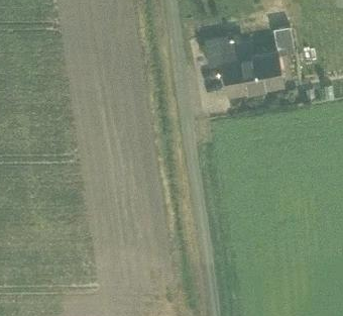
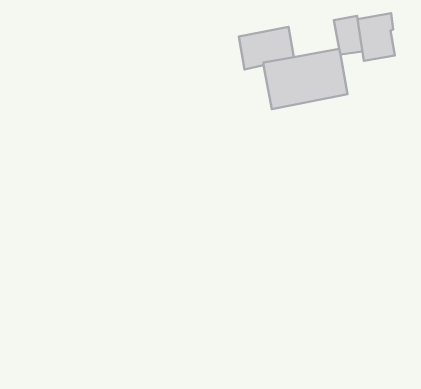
building: none -> [358,13,395,61]

